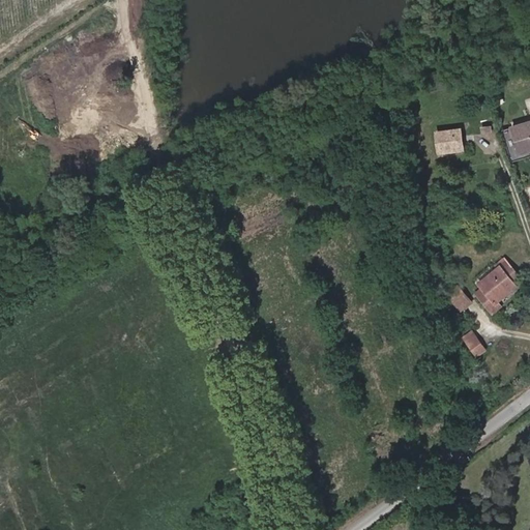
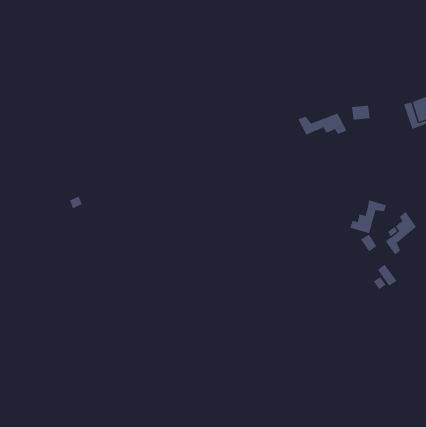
building: none -> [298,113,347,135]
building: none -> [350,200,387,234]

